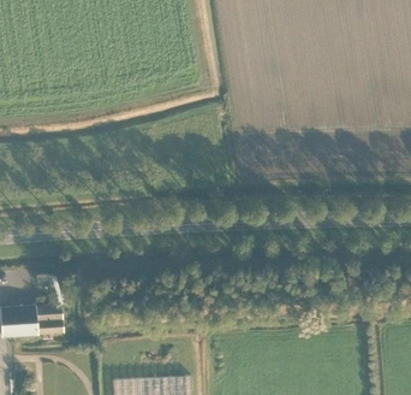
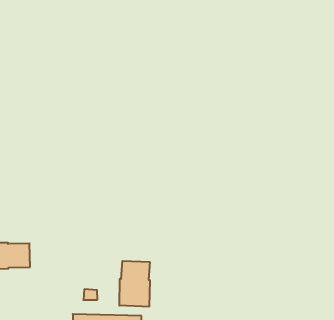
building: none -> [119,261,150,307]

